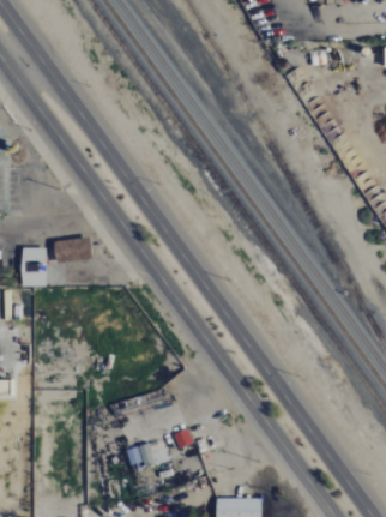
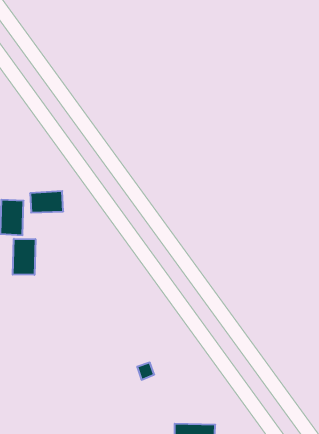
building: none -> [13,239,35,275]
building: [127,440,170,467] -> none

